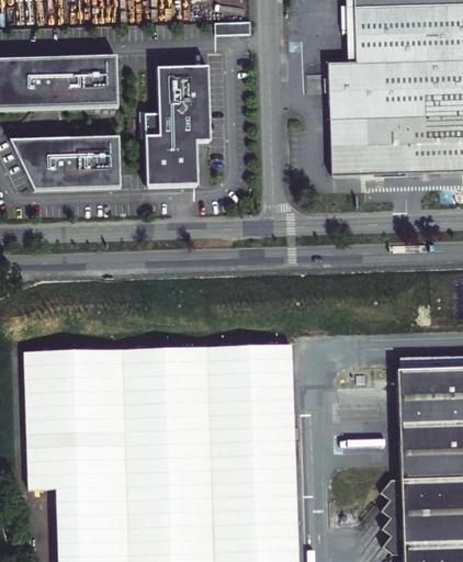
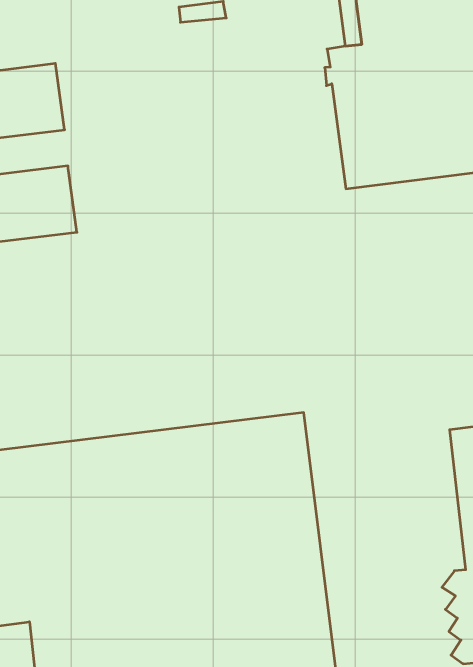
building: [148,66,214,186] -> none

